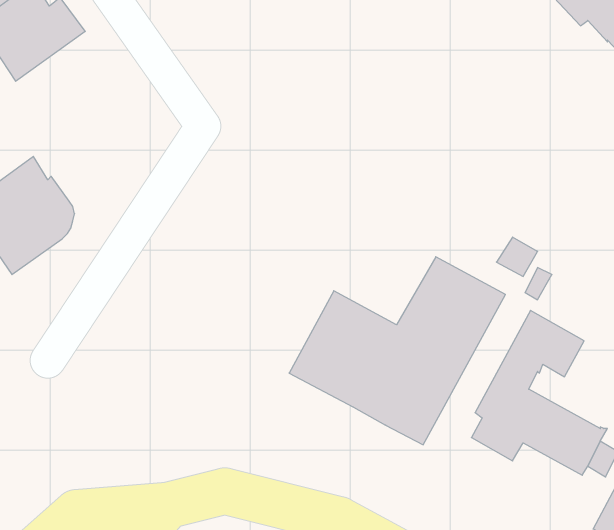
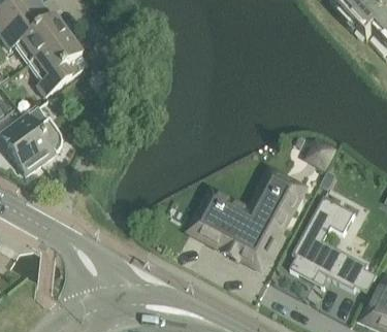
building: none -> [27,33,83,95]

